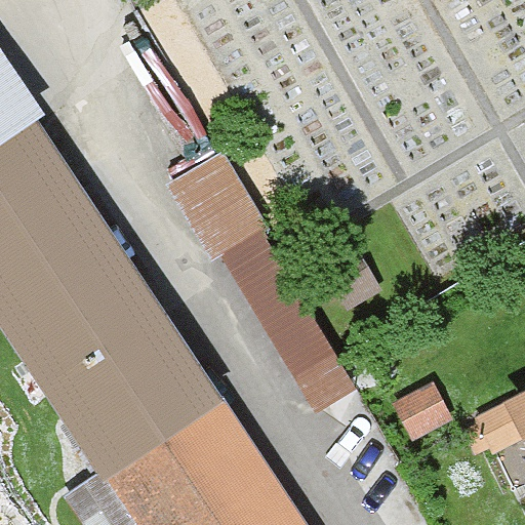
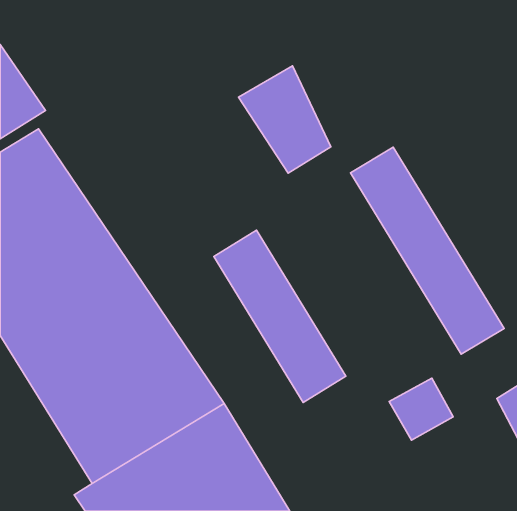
building: none -> [350,147,504,354]
building: [167,151,260,259] -> [239,66,331,173]

